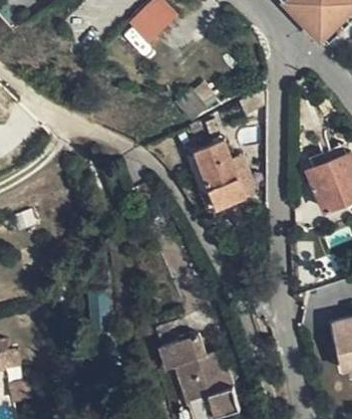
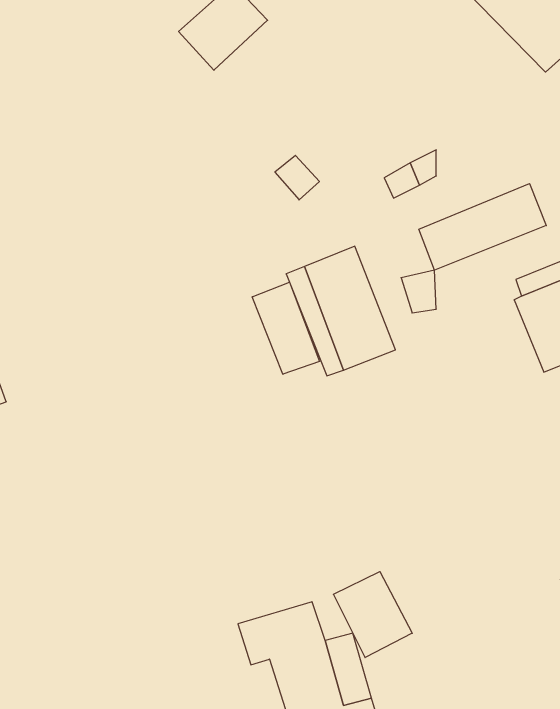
building: none -> [419,184,546,270]
building: none -> [252,282,320,374]
building: none -> [333,572,412,658]

